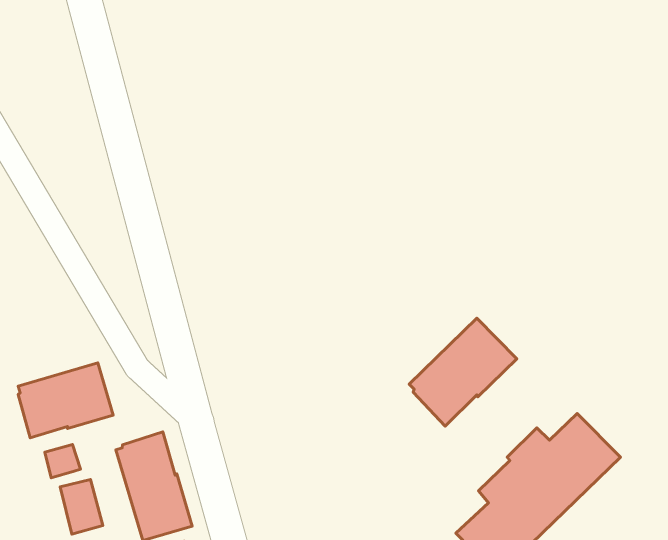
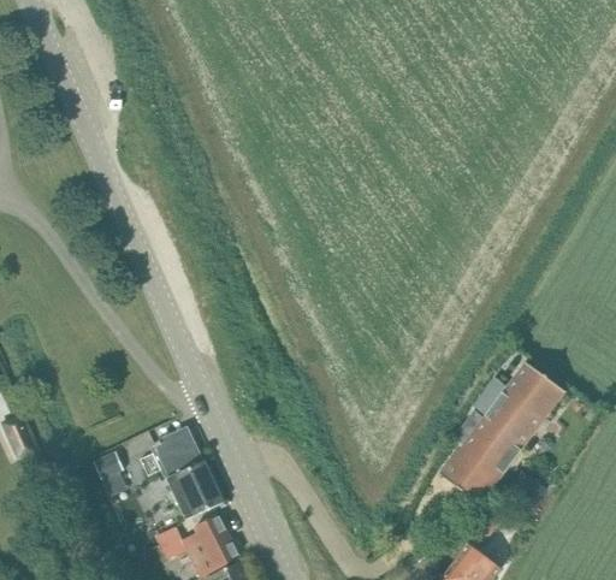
building: [409,318,517,426] -> none
building: [18,363,113,438] -> none

